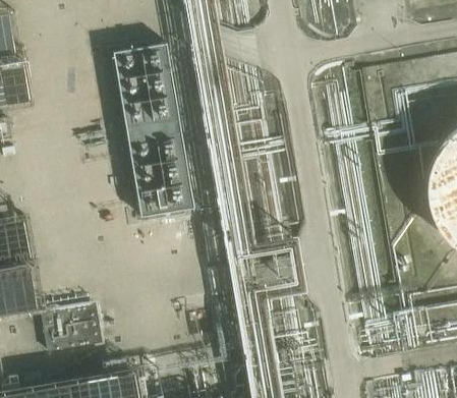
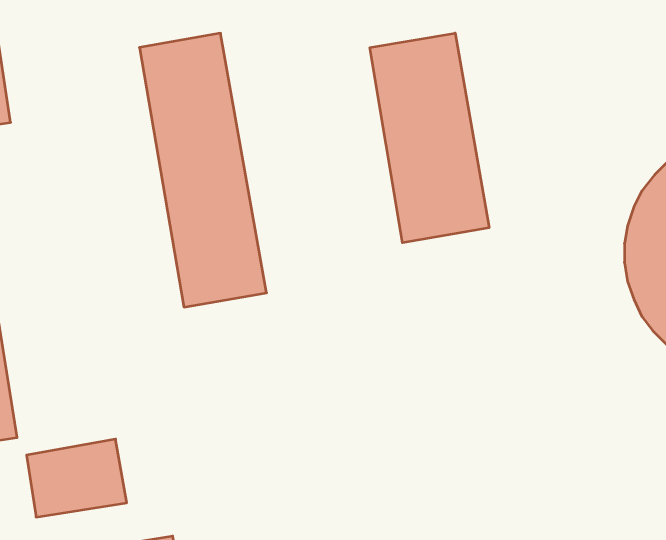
building: none -> [370,33,489,243]

